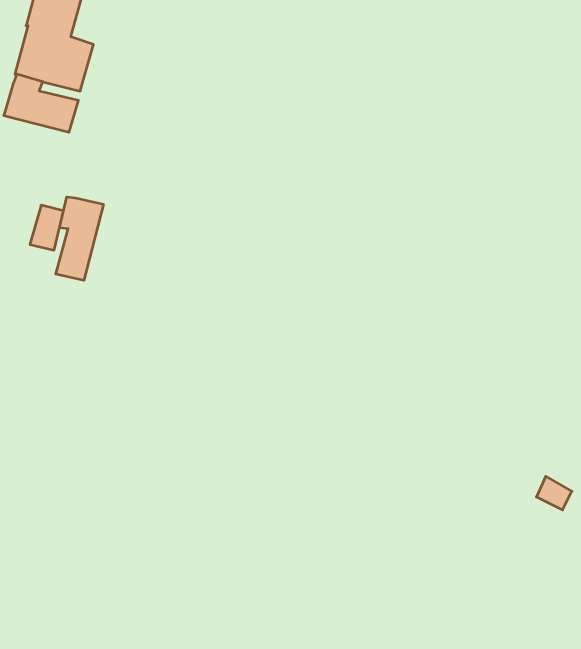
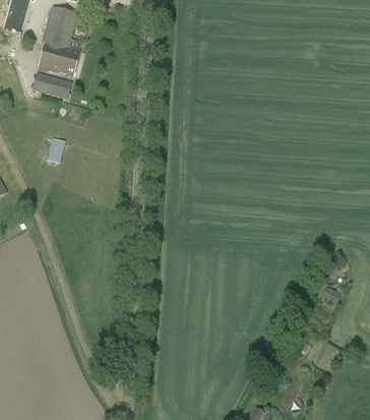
building: [56,197,103,280] -> none

